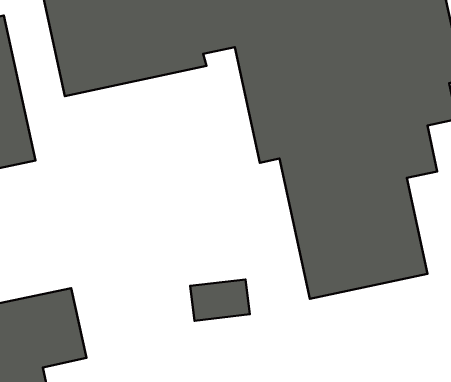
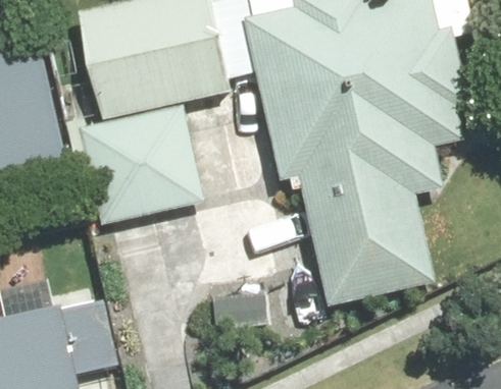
building: none -> [79,104,205,222]

